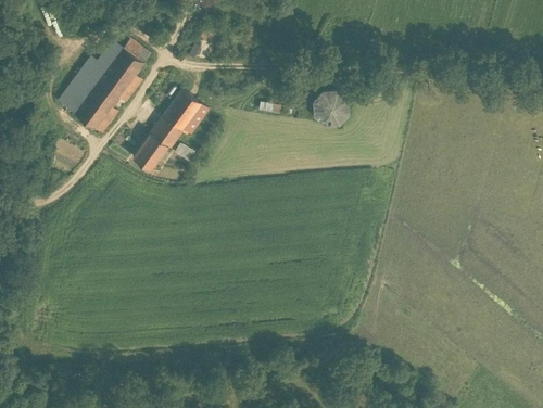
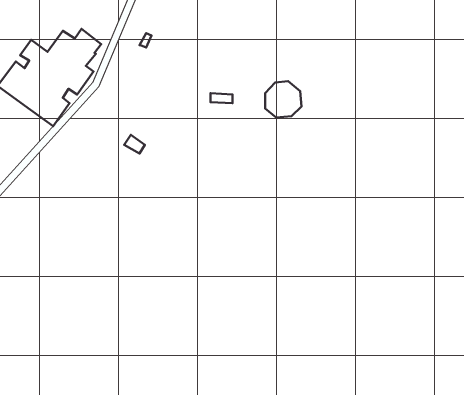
building: [134,90,210,170] -> none

